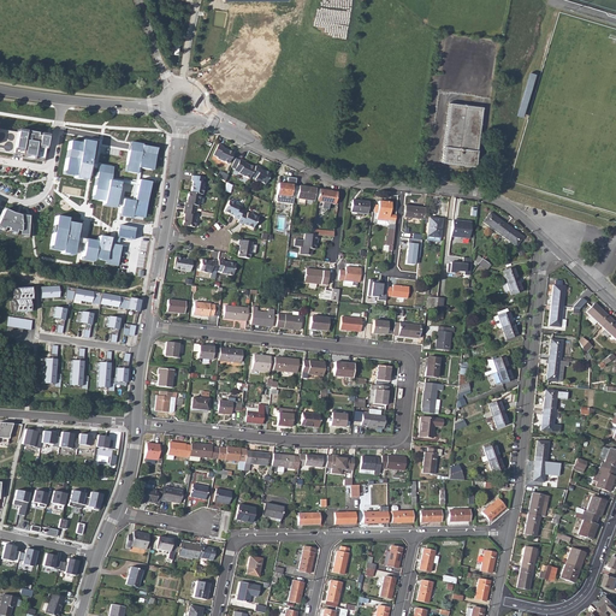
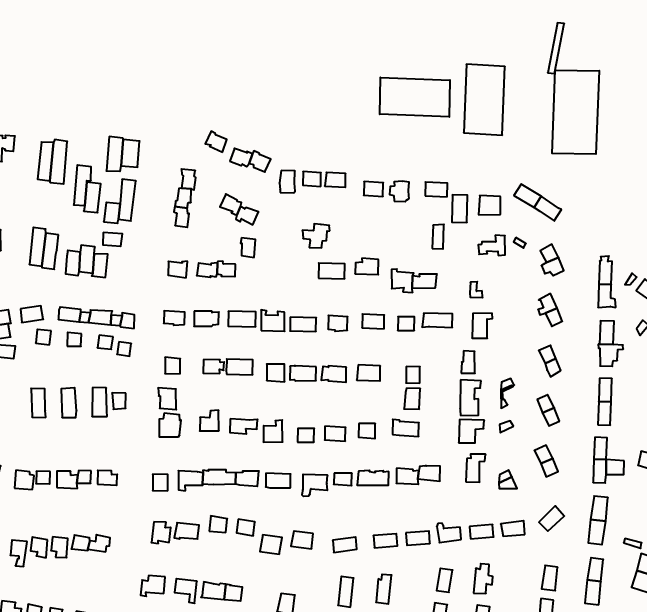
building: none -> [380,77,450,117]
building: none -> [552,70,599,154]

